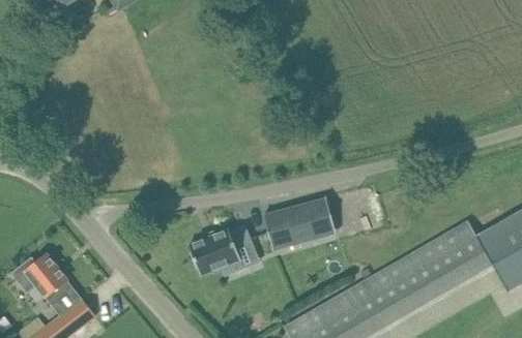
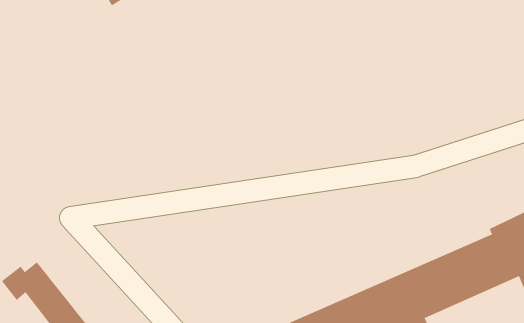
building: [263,197,334,250] -> none
building: [189,225,252,275] -> none

